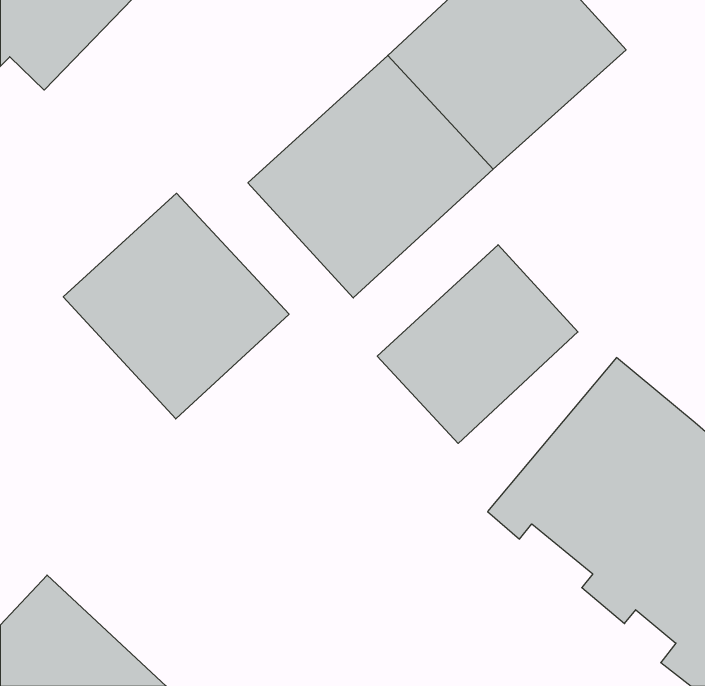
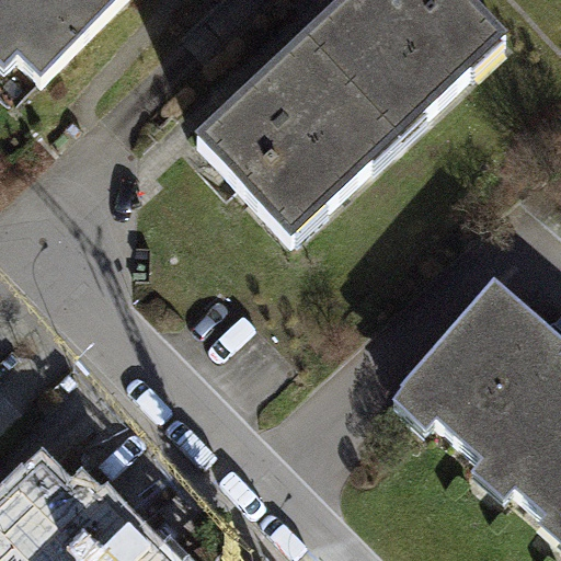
building: [63,193,289,419] -> none
building: [377,245,578,443] -> none

